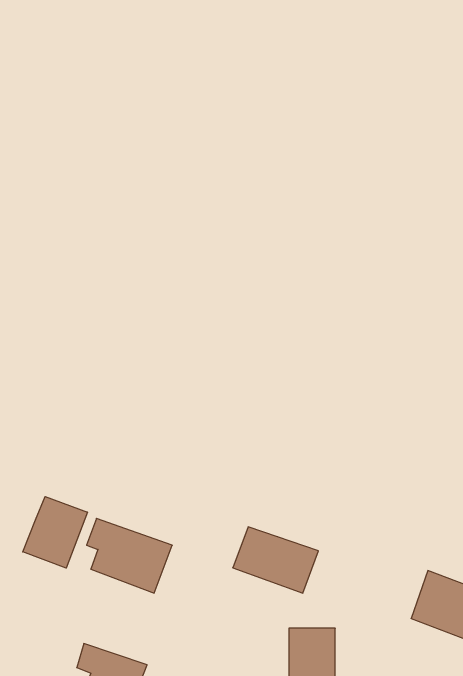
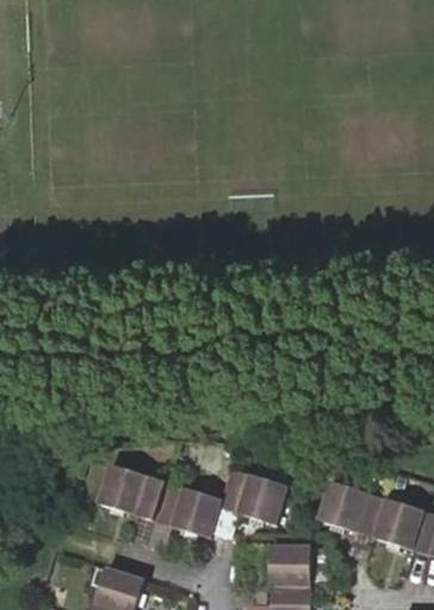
building: [23,497,87,568] -> none
building: none -> [153,477,219,536]
building: none -> [316,478,385,539]

